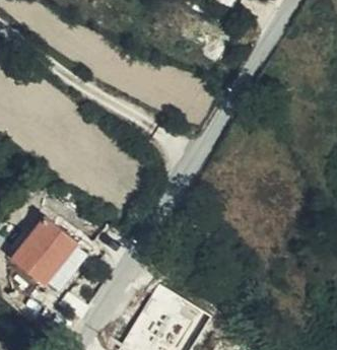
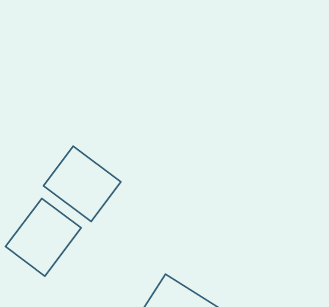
building: none -> [43,146,121,222]

